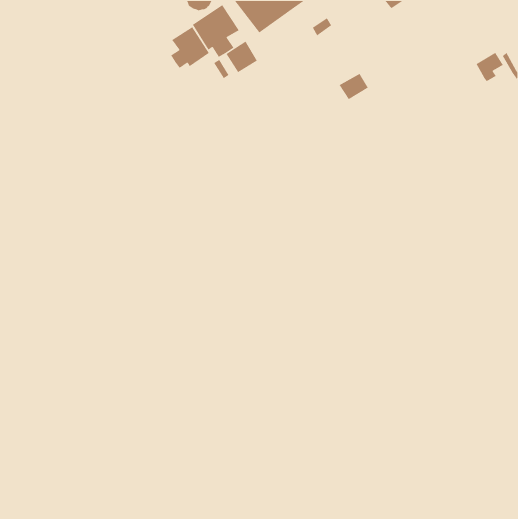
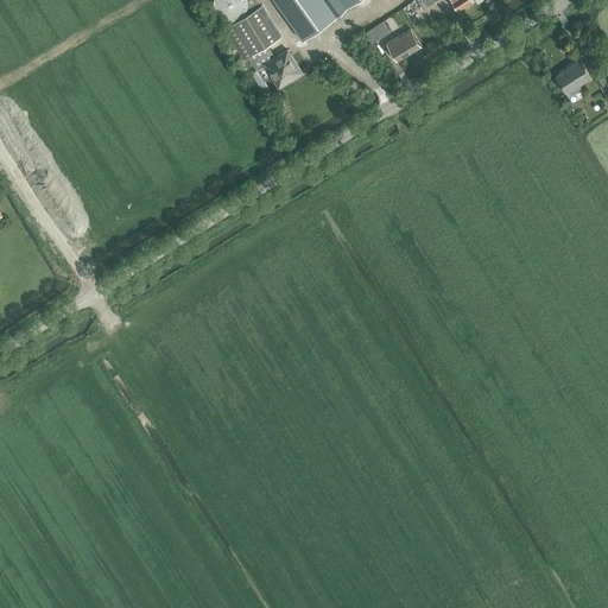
building: [170,26,210,69] -> none
building: [338,73,369,100] -> [385,28,420,61]

